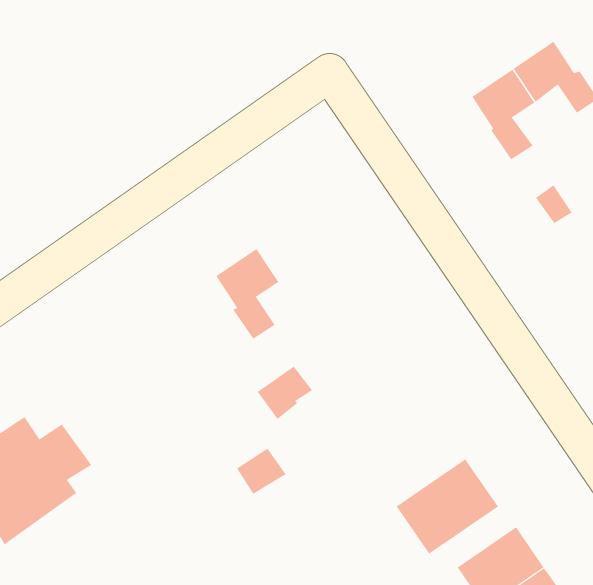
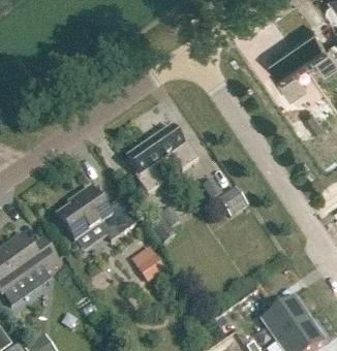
building: none -> [150,125,197,165]
building: none -> [203,177,248,216]
building: none -> [57,186,136,240]
building: [396,459,499,555] -> none

